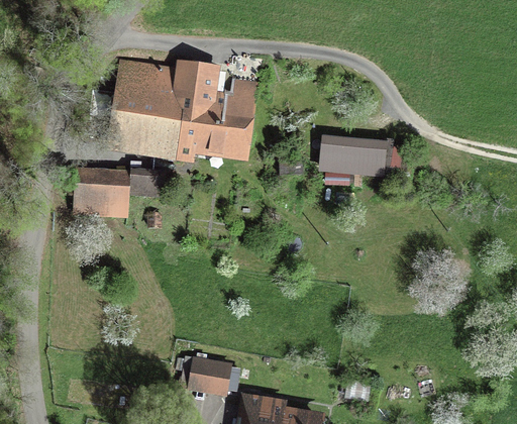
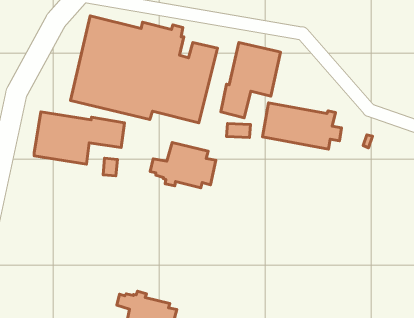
building: none -> [221,42,281,118]
building: none -> [150,142,216,188]

